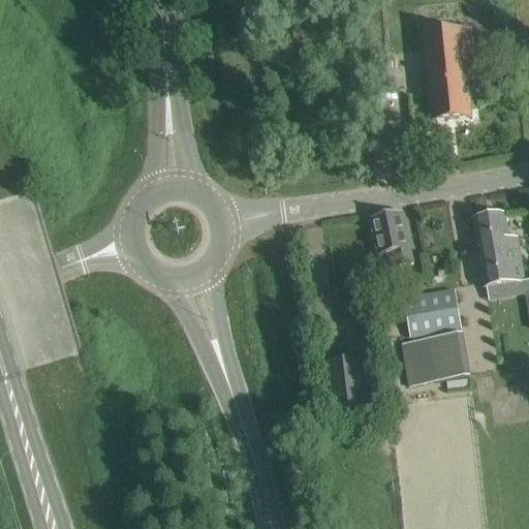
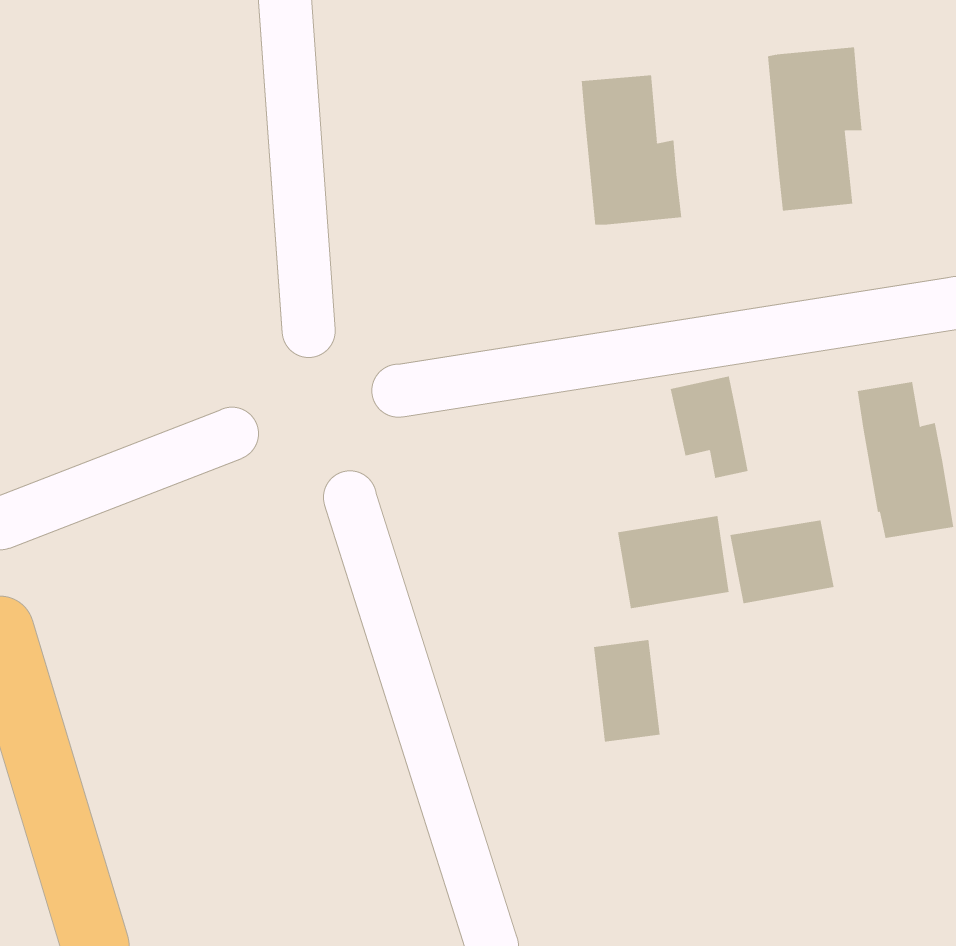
building: none -> [581,75,682,225]
building: [403,332,465,383] -> [617,515,729,609]

